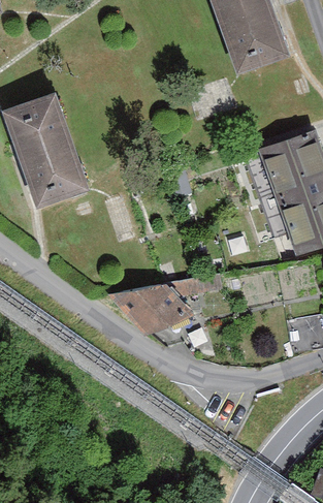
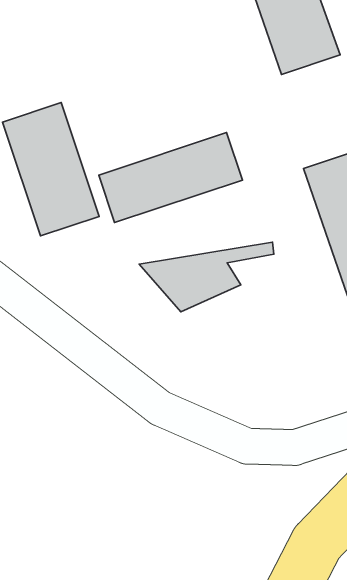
building: none -> [99,132,242,223]
building: [108,275,222,334] -> [139,242,274,312]

